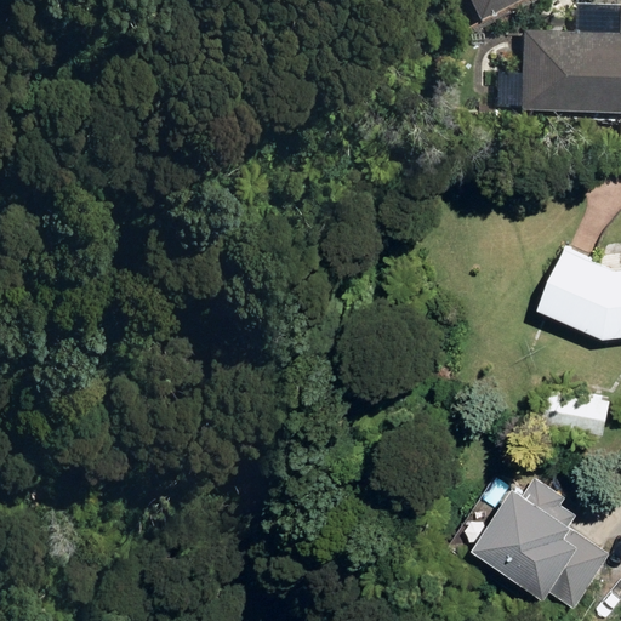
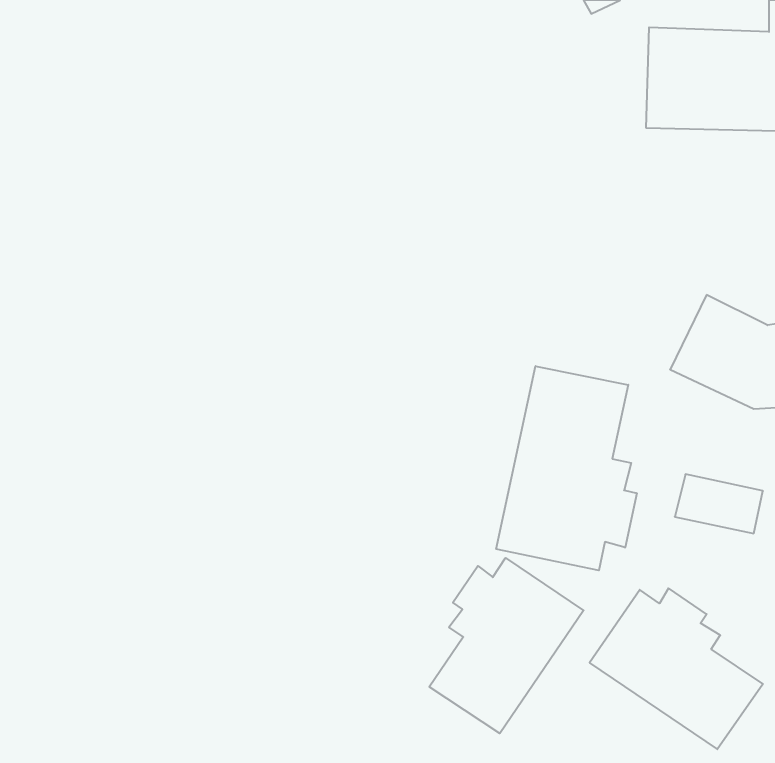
building: none -> [496,366,637,570]
building: none -> [429,558,584,733]

